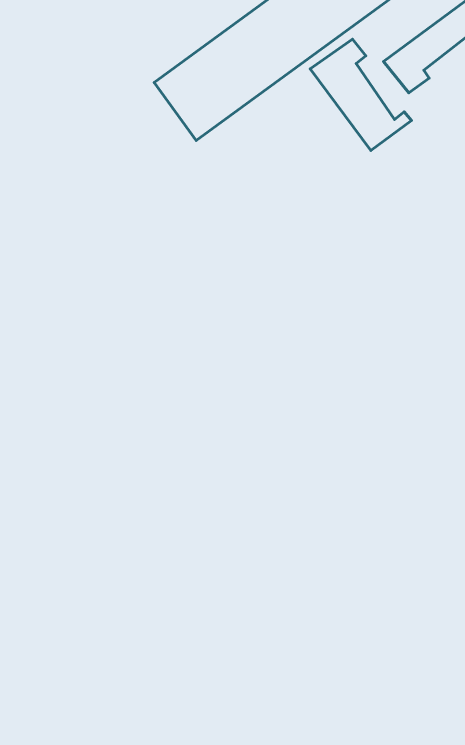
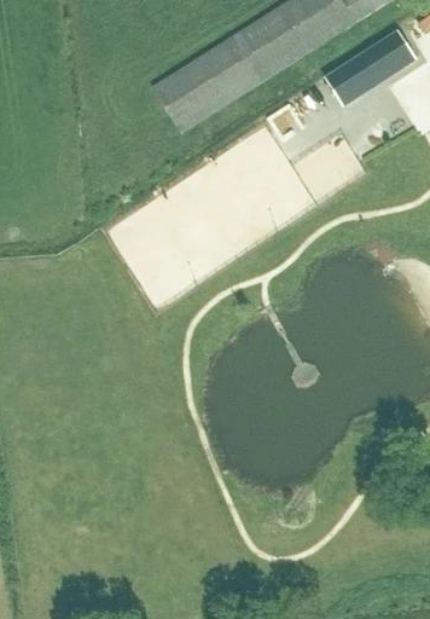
building: [310,39,412,151] -> none

